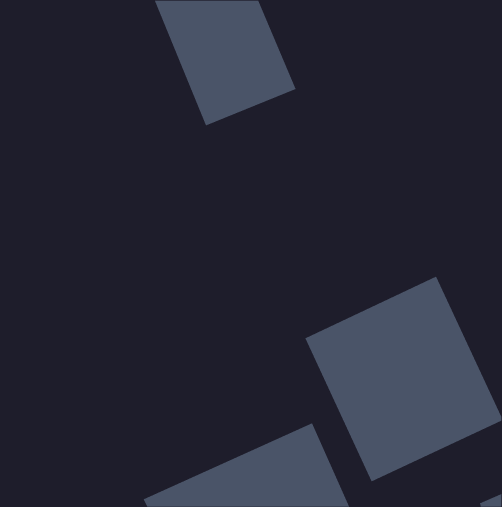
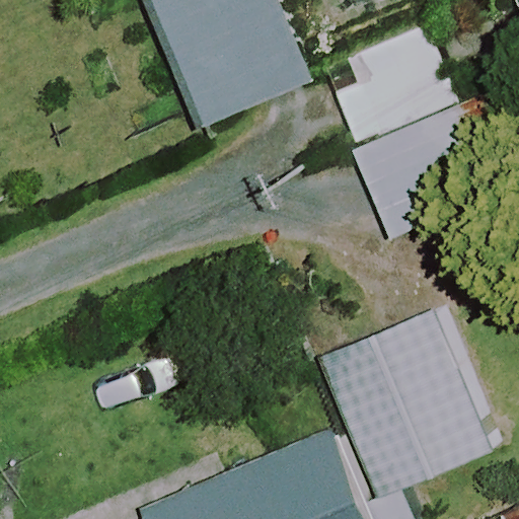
building: none -> [324,43,478,234]

